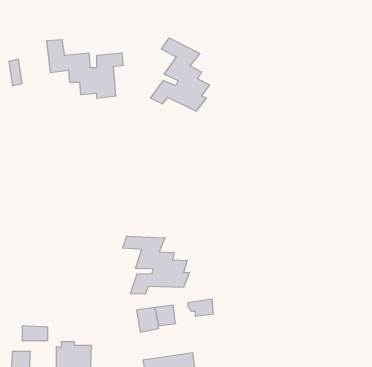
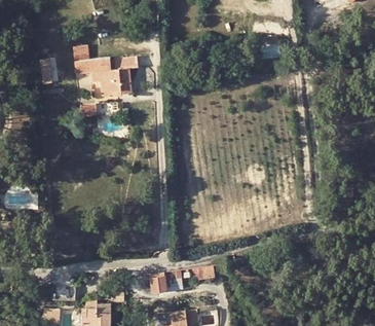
building: [151,38,209,111] -> none
building: [123,236,189,294] -> none

